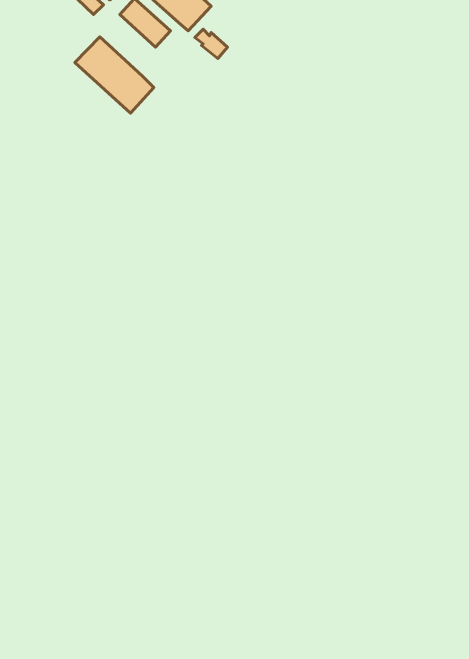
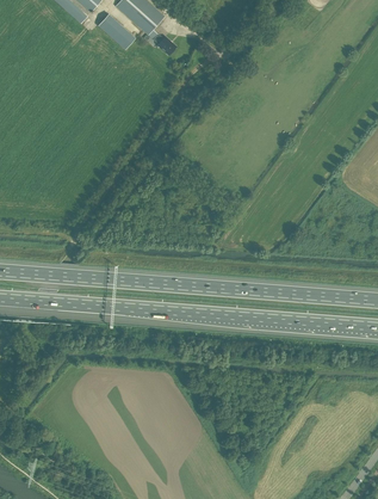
building: [75,37,154,113] -> none

